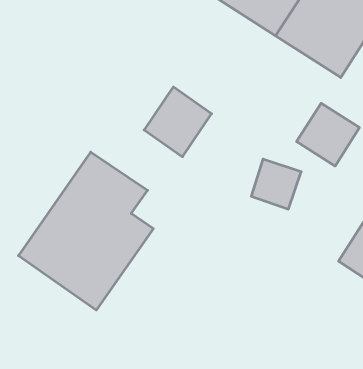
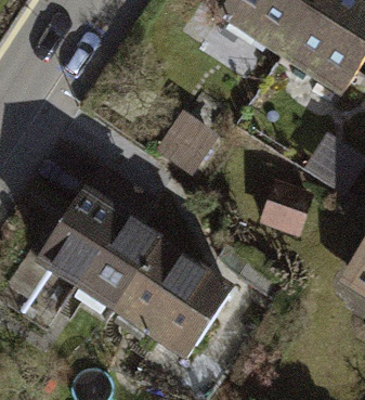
building: none -> [110,235,236,361]

